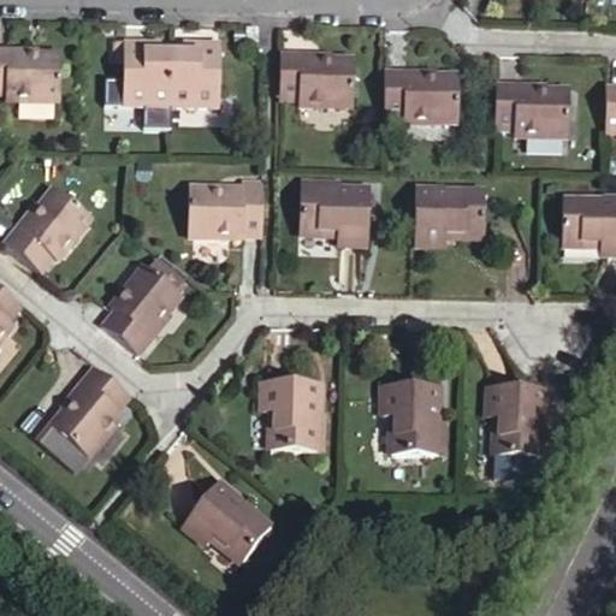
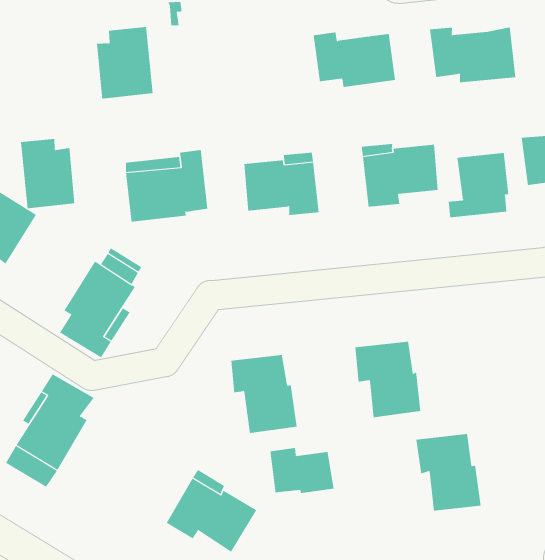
building: [125,42,174,108] -> [20,138,75,209]
building: [280,53,357,108] -> none
building: none -> [448,152,509,218]
building: [490,384,544,456] -> [416,434,481,511]
building: none -> [270,447,334,494]

